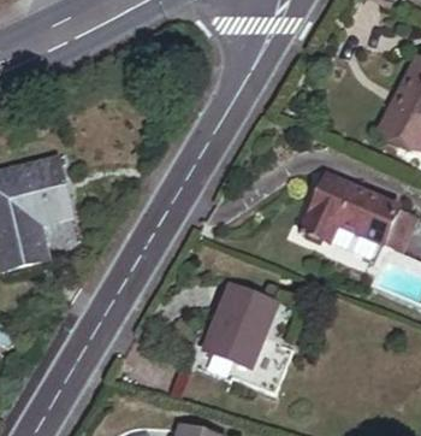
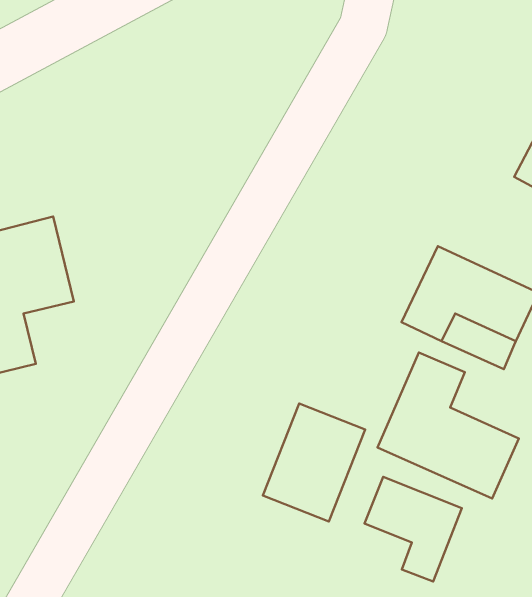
building: none -> [377,352,519,499]
building: none -> [365,477,462,582]

